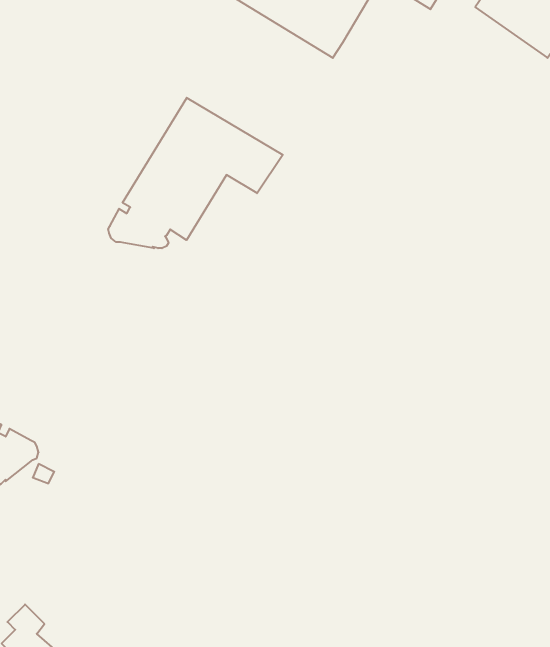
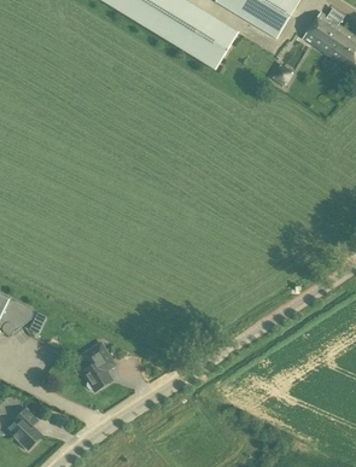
building: [108,98,283,248] -> none
building: none -> [81,340,115,390]

